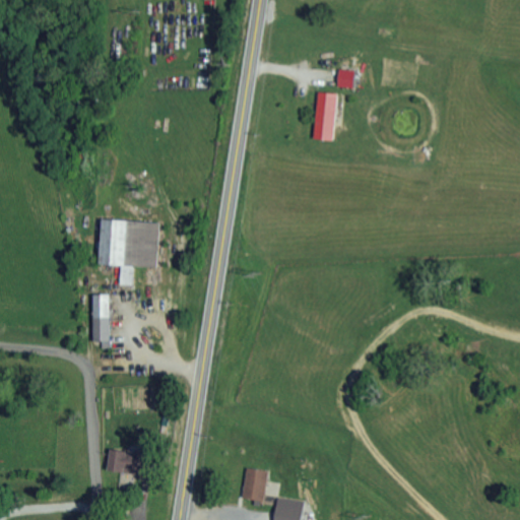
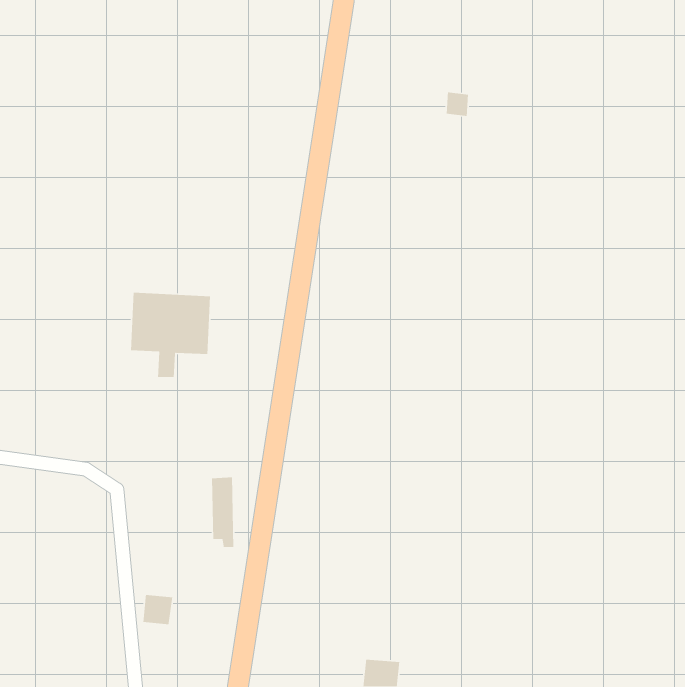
building: [314,92,336,140] -> none
building: [92,295,110,348] -> [211,477,234,548]
building: [243,467,267,500] -> none

